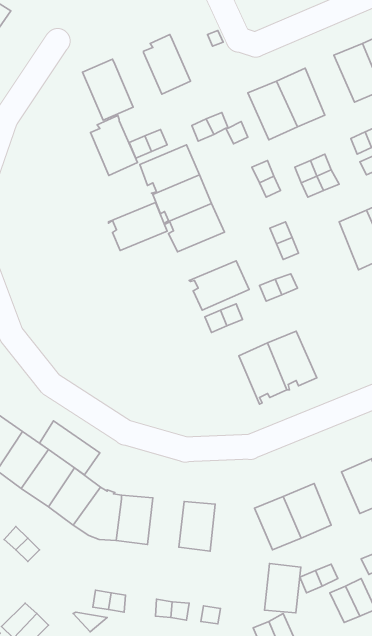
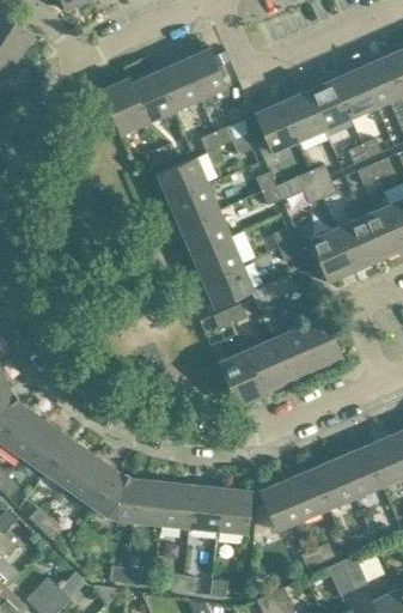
building: none -> [183,45,226,99]
building: none -> [305,75,350,131]
building: [91,116,138,175] -> [130,68,173,123]
building: [109,202,167,251] -> [188,238,242,283]
building: none -> [309,229,354,284]
building: none -> [297,317,343,372]
building: none -> [218,352,263,407]
building: [39,421,100,475] -> none
building: none -> [313,459,355,508]
building: none -> [160,482,194,528]
building: [264,563,301,613] -> [218,488,251,534]

